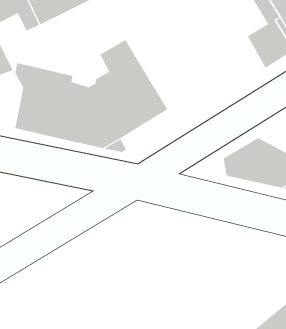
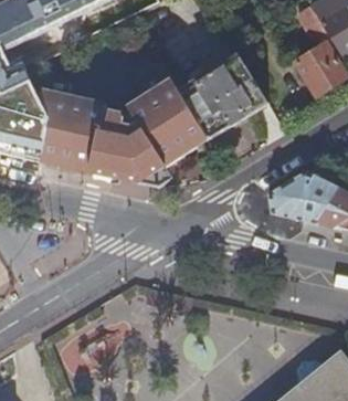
building: none -> [180,59,266,139]

